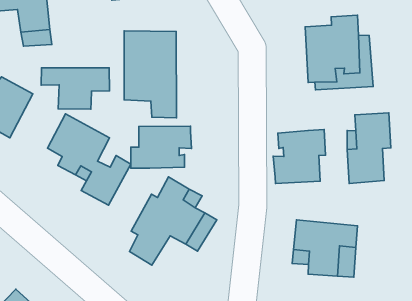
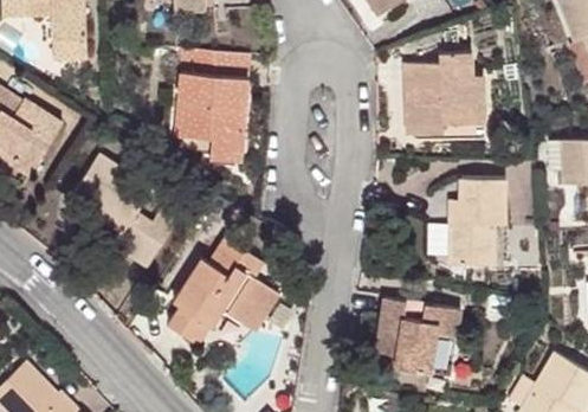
building: [41,68,109,109] -> none
building: [131,126,192,168] -> none
building: [273,129,326,184] -> none

